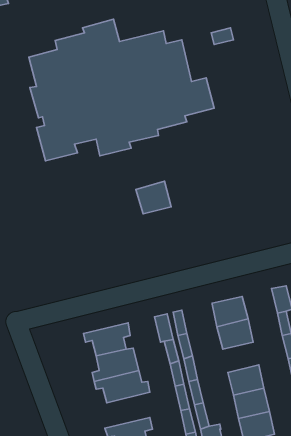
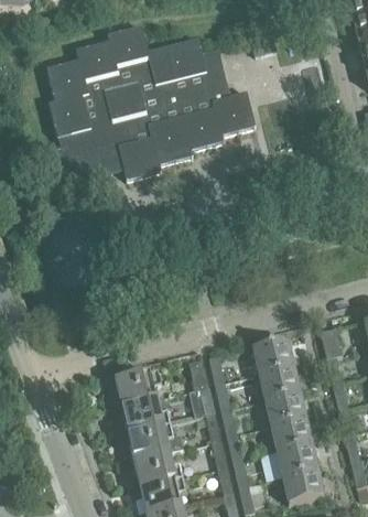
building: [136,181,171,214] -> none
building: none -> [246,390,305,430]
building: none -> [129,446,183,487]

